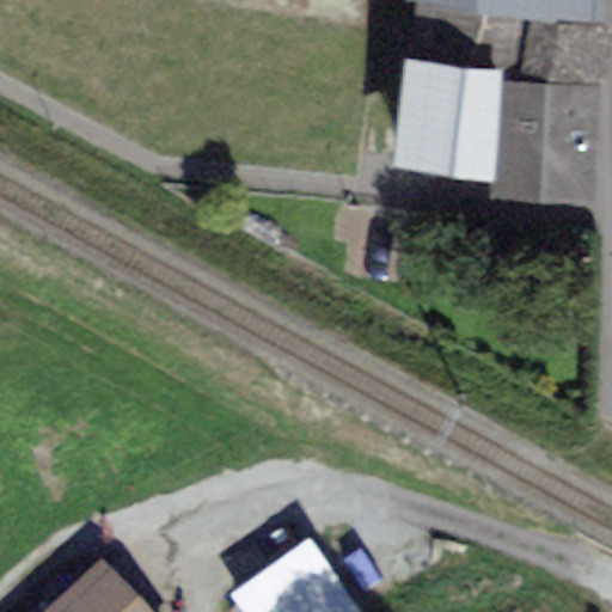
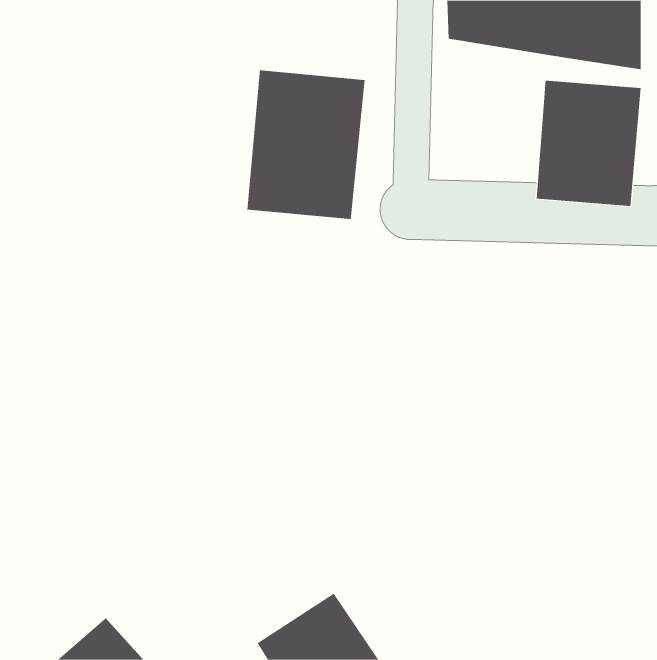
building: [398,51,494,159] -> none
building: none -> [247,69,365,220]

